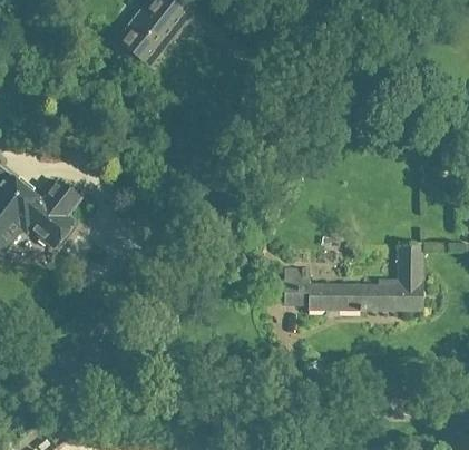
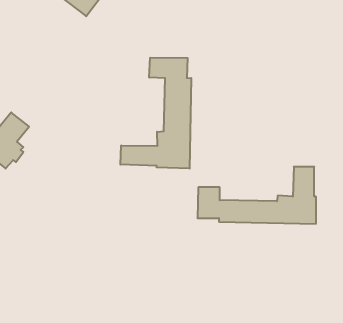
building: none -> [120,58,191,169]

